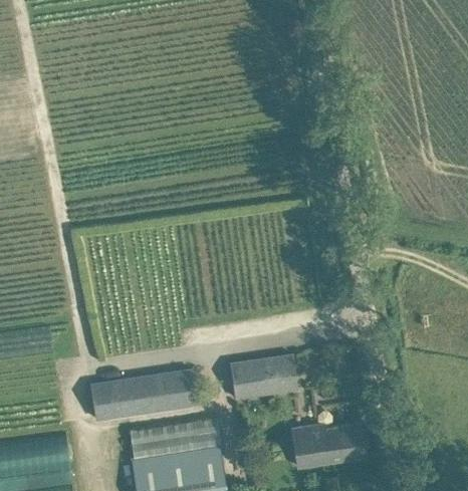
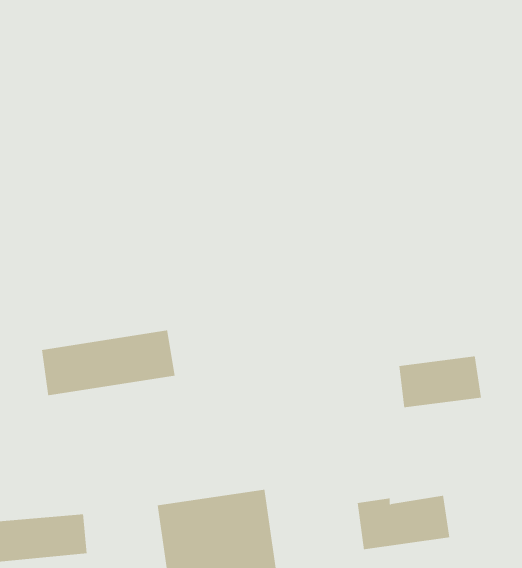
building: [230,355,297,398] -> [398,356,482,408]
building: [89,369,198,422] -> [41,330,175,396]

